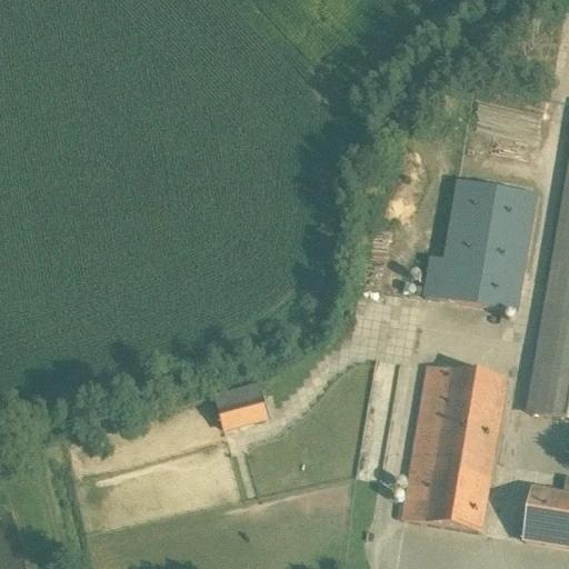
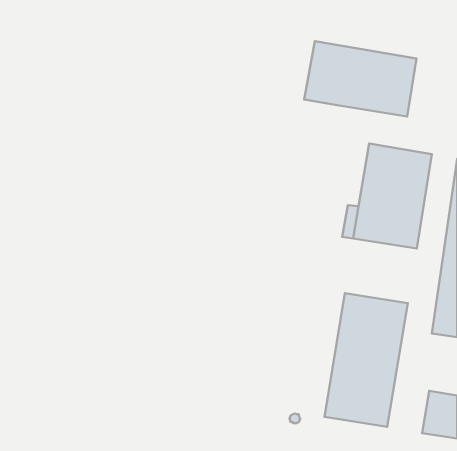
building: none -> [304,41,416,116]
building: [216,386,262,425] -> none

